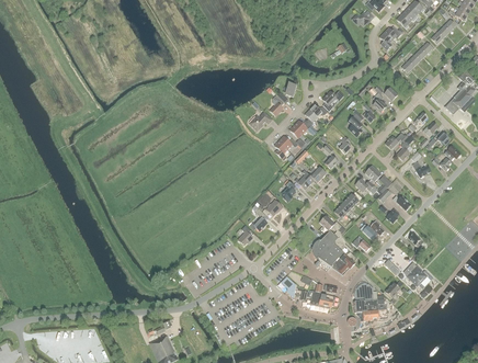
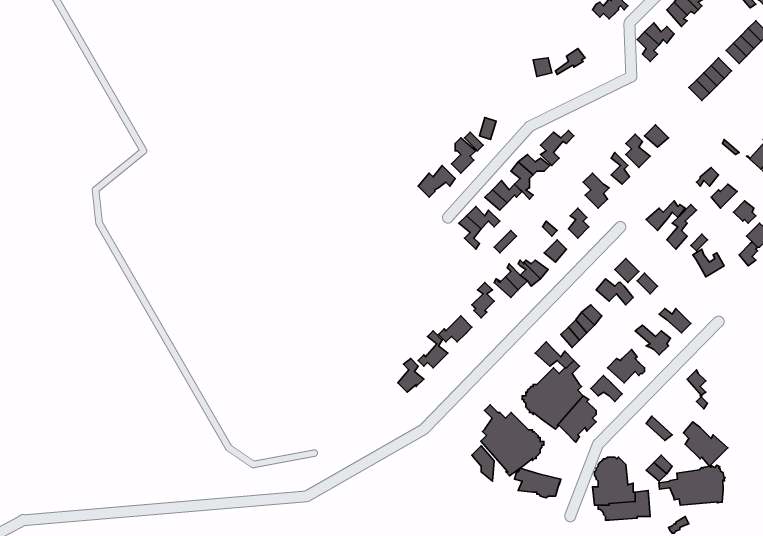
building: none -> [481,405,544,476]
building: none -> [659,465,725,505]

